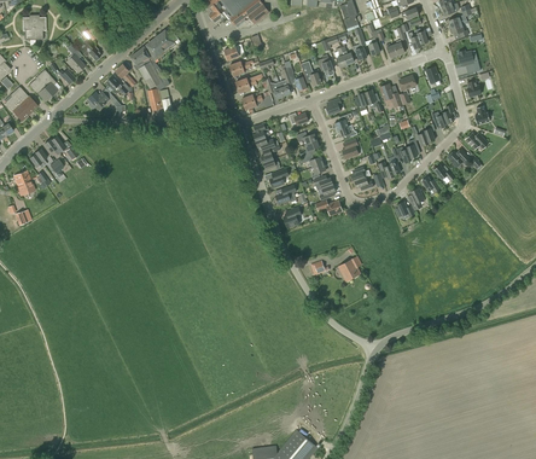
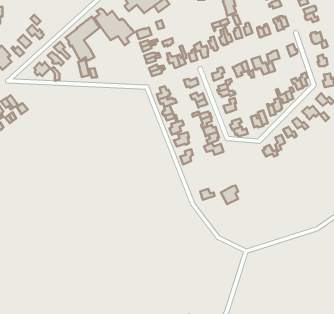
building: none -> [94,9,134,45]

